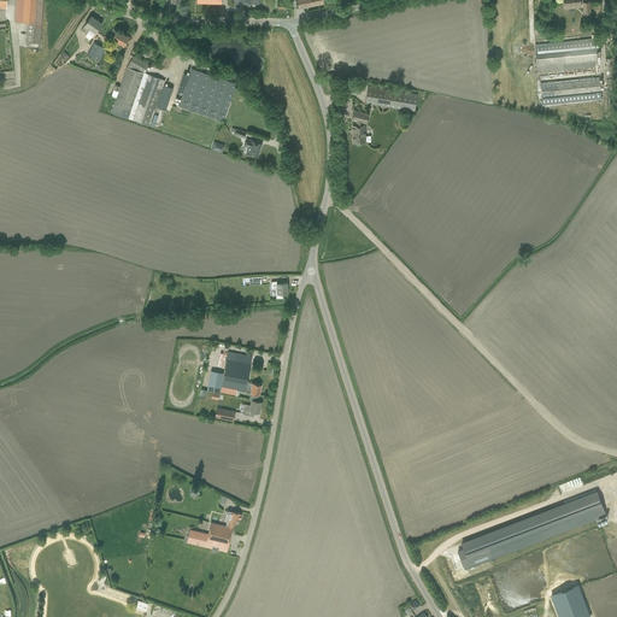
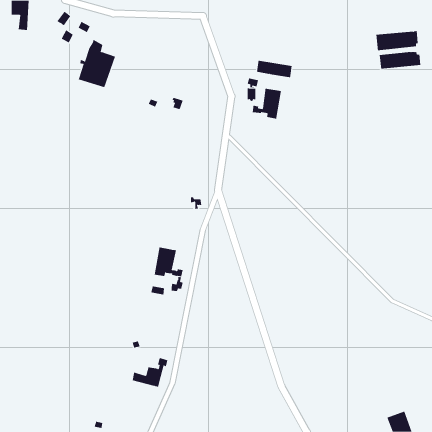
building: [176,69,236,121] -> none
building: none -> [252,88,281,120]
building: [458,492,605,569] -> none

